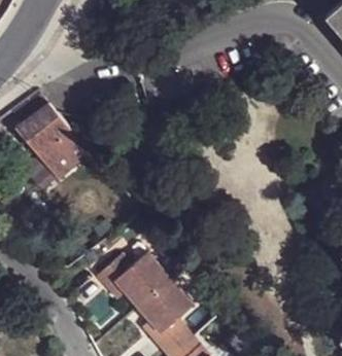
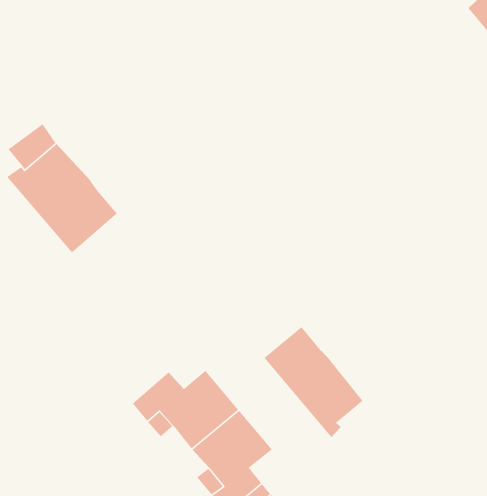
building: none -> [264,326,364,438]

